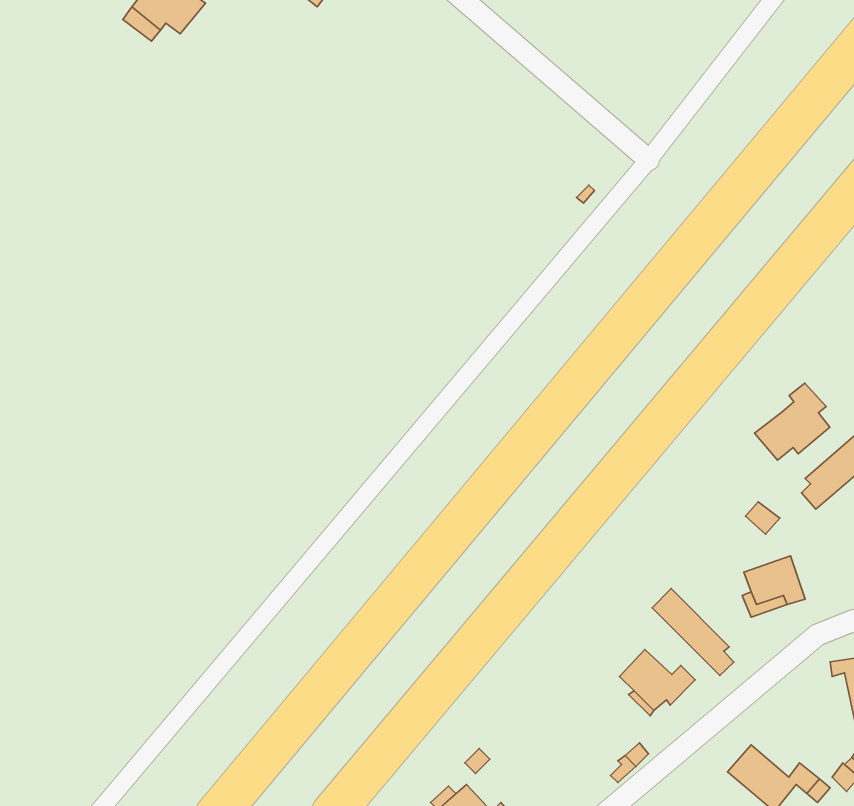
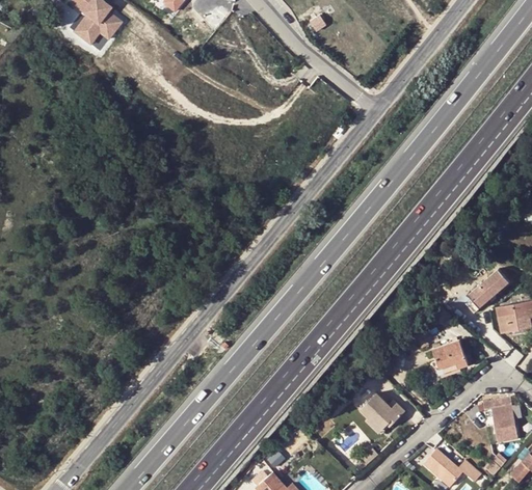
building: [754,383,830,460] -> none
building: [652,588,734,675] -> none

